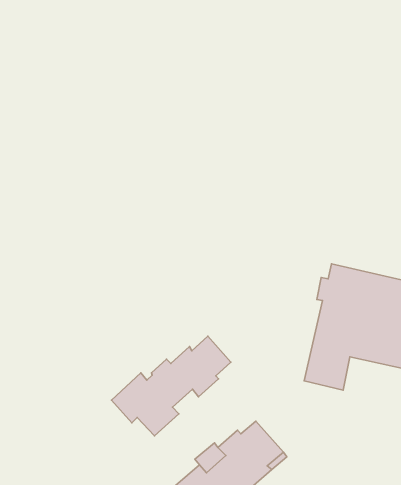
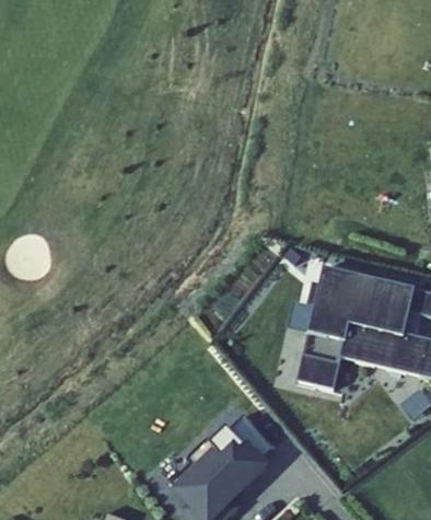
building: [111,336,231,436] -> none

